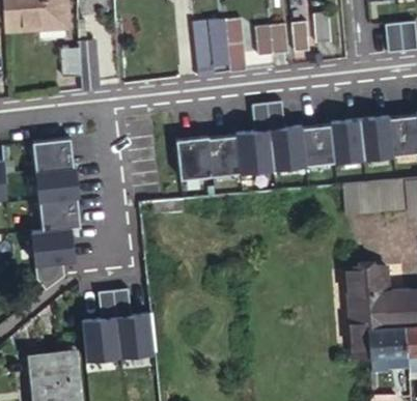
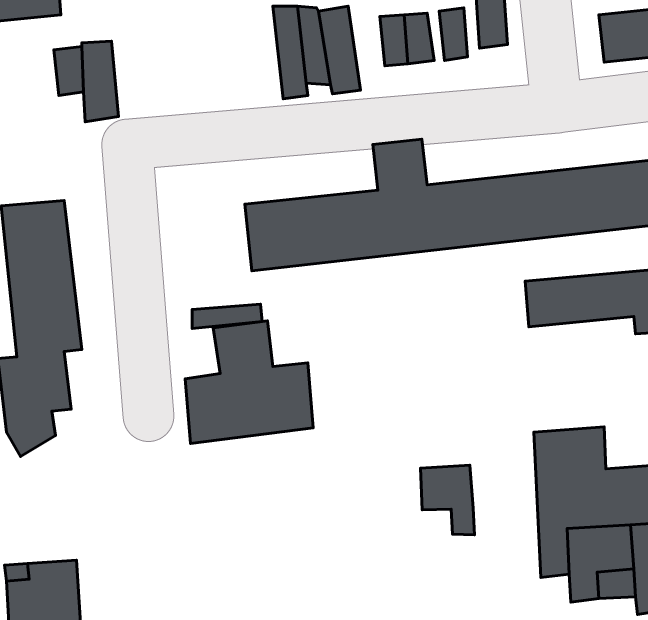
building: [82,287,158,360] -> [185,321,313,444]
building: none -> [420,465,475,535]

